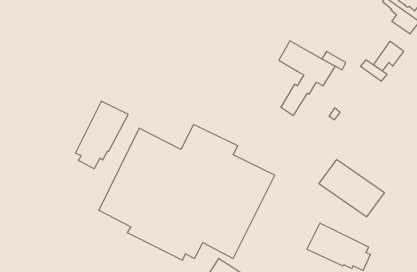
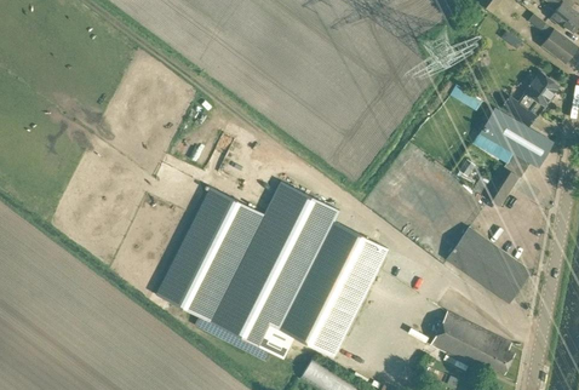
building: [279,41,335,115] -> [480,108,554,206]
building: [75,101,128,169] -> none

